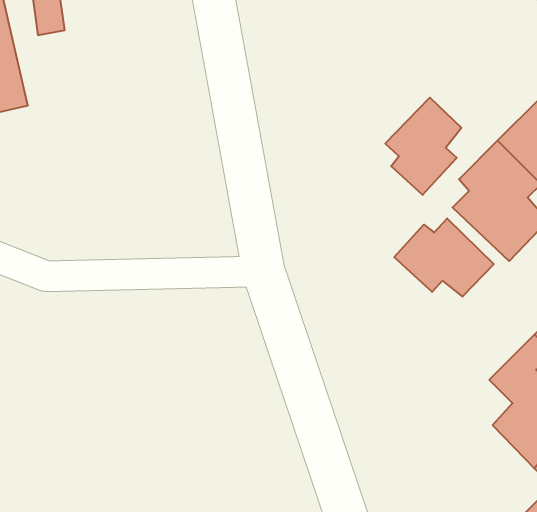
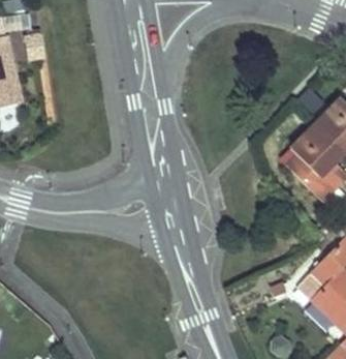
building: [385,98,461,195] -> none
building: [394,218,494,297] -> none

